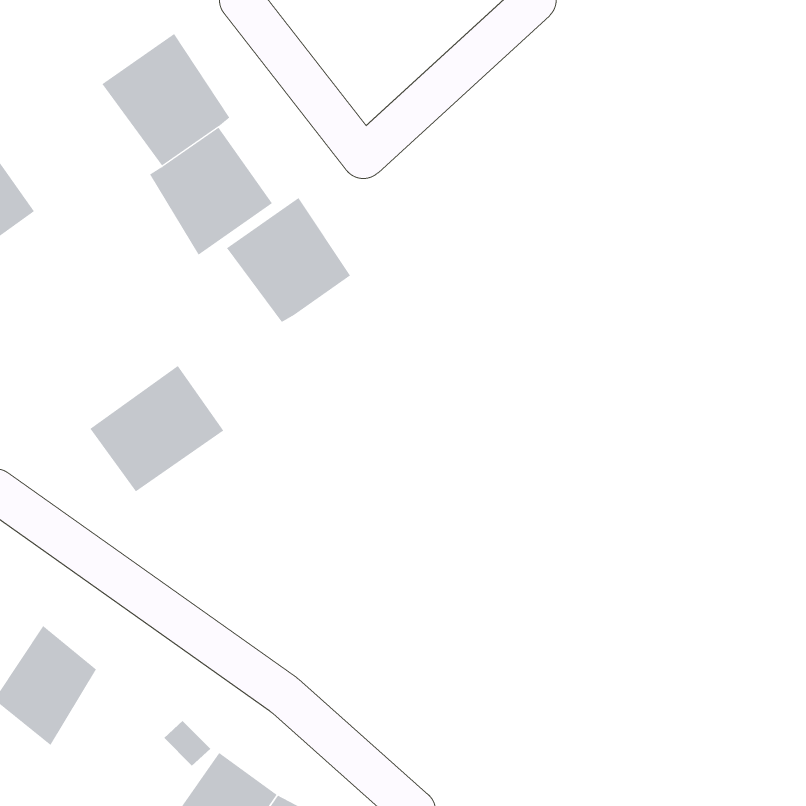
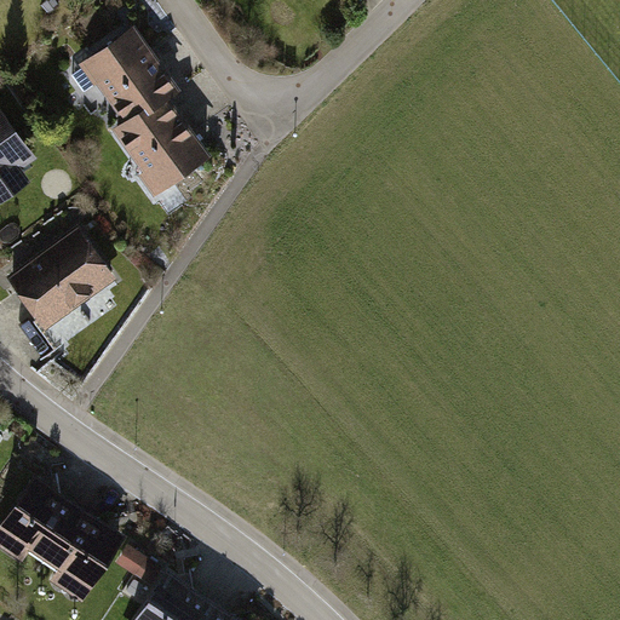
building: [226,197,351,323] -> none
building: [89,365,224,492] -> [10,228,113,325]
building: none -> [39,515,119,605]

